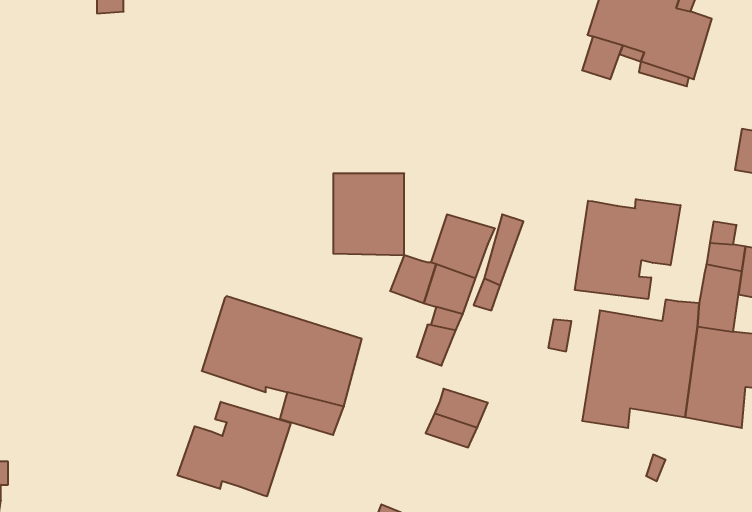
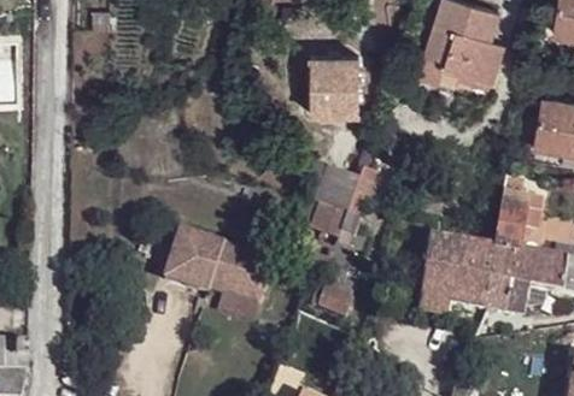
building: [333,173,404,255] -> [309,58,357,113]
building: [575,199,680,299] -> none
building: [177,402,291,496] -> none

